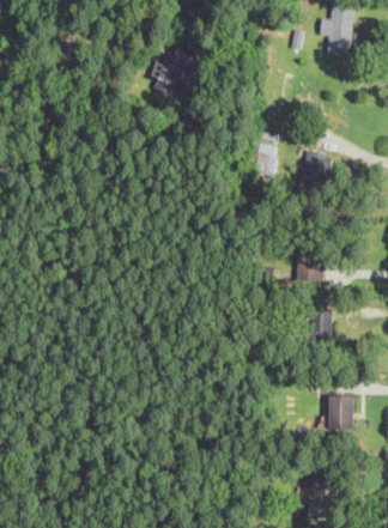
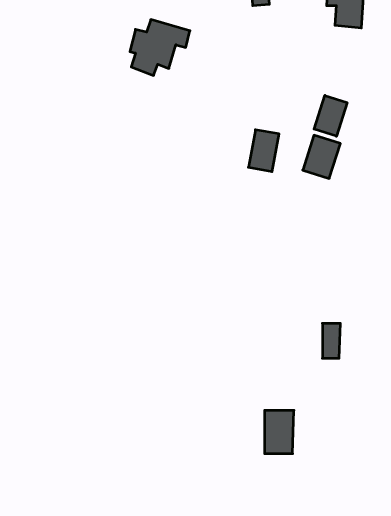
building: none -> [314,95,347,136]
building: [296,249,321,283] -> none
building: [328,396,353,433] -> [265,410,294,454]

